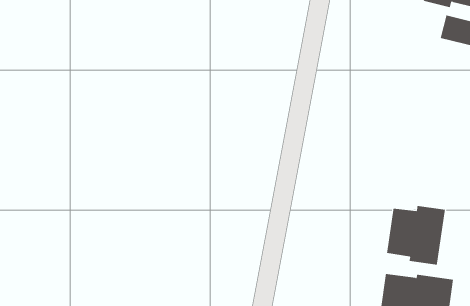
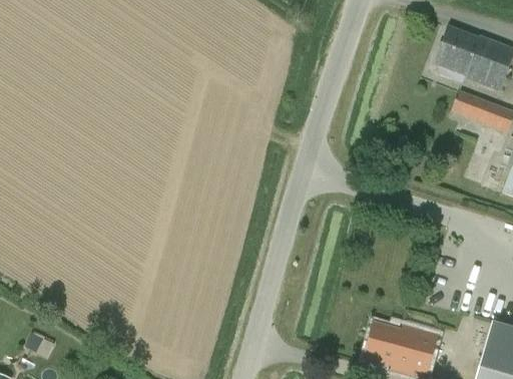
building: [386,205,445,265] -> none

